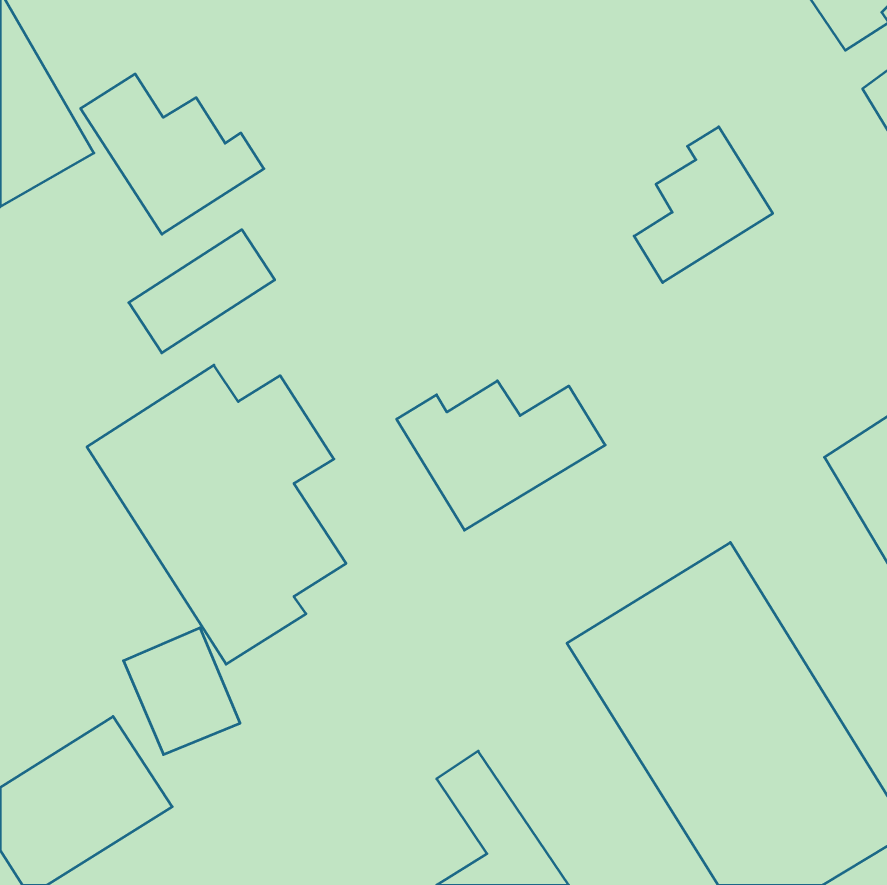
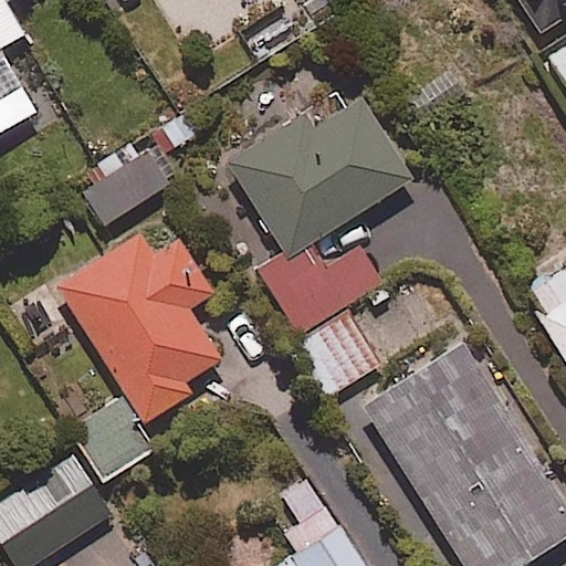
building: [81,74,264,234] -> none
building: [634,127,773,283] -> none
building: none -> [229,101,412,256]
building: none -> [295,310,380,395]

